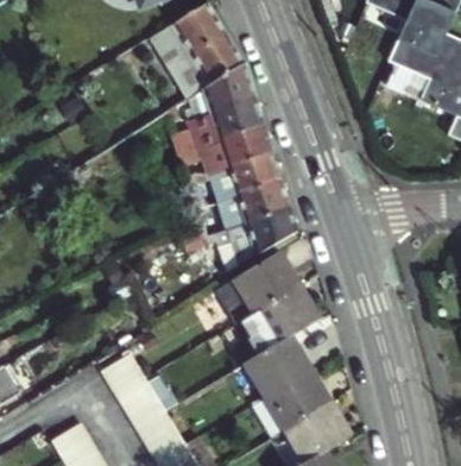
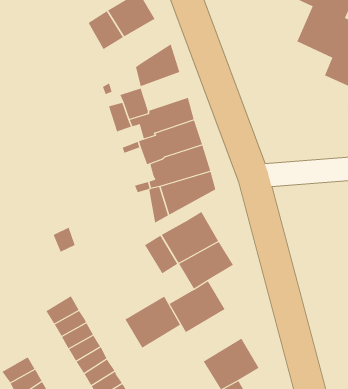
building: [166,32,245,97] -> none
building: [209,94,265,138] -> none
building: [261,367,327,428] -> [124,296,181,348]

